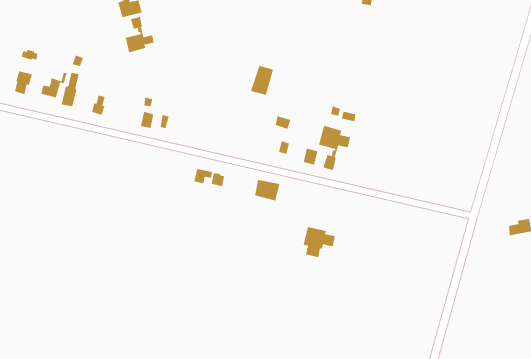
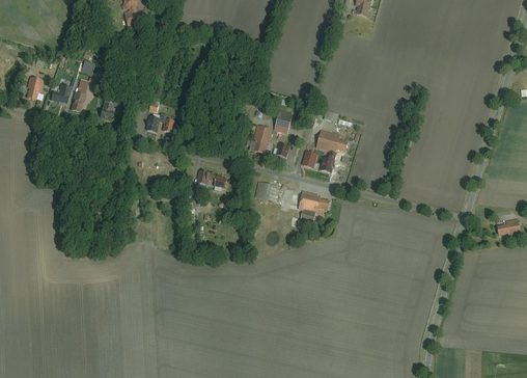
building: [125,16,154,53] -> none
building: [250,65,274,96] -> [250,124,273,153]
building: [303,226,336,258] -> [299,190,330,220]

